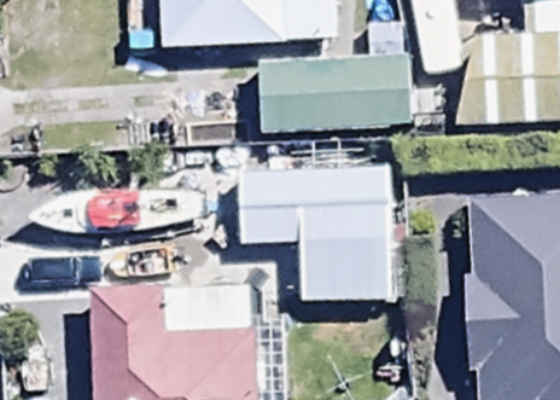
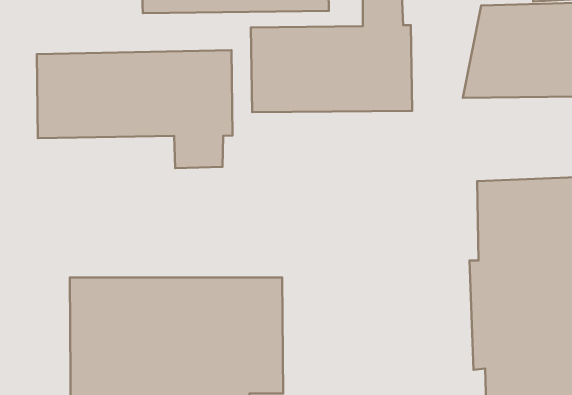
building: none -> [37,50,233,168]
building: [241,169,391,243] -> none

